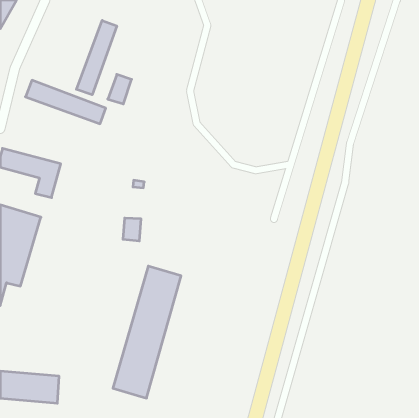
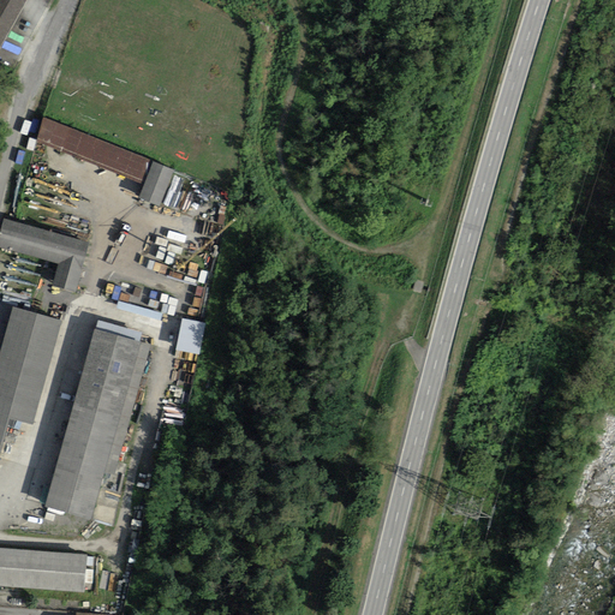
building: [76,20,117,95] -> none
building: [108,74,132,104] -> [142,163,177,207]
building: [113,266,181,398] -> [43,327,143,520]

